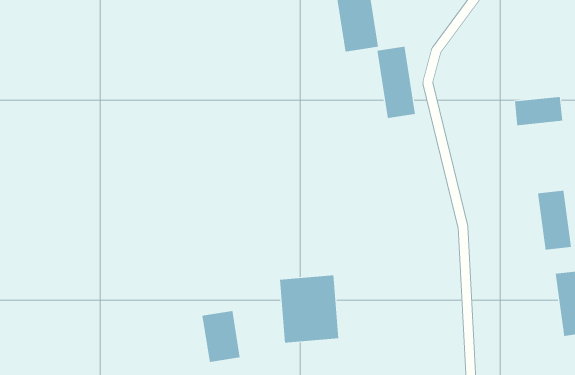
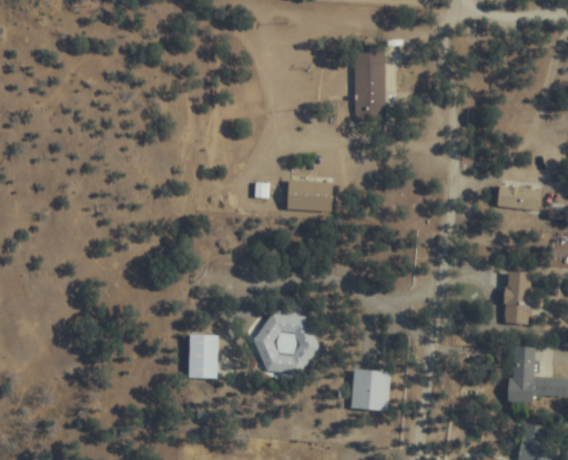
building: [377,46,416,119] -> none
building: none -> [286,180,332,211]
building: none -> [351,368,389,410]

